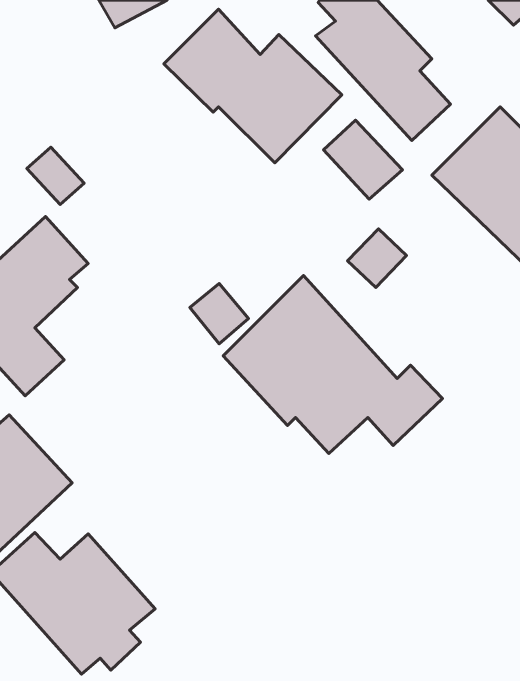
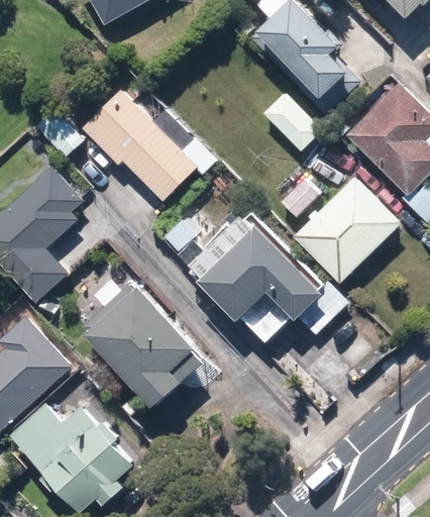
building: [164,9,342,163] -> [80,89,214,205]
building: none -> [295,178,400,283]
building: none -> [82,281,195,405]

